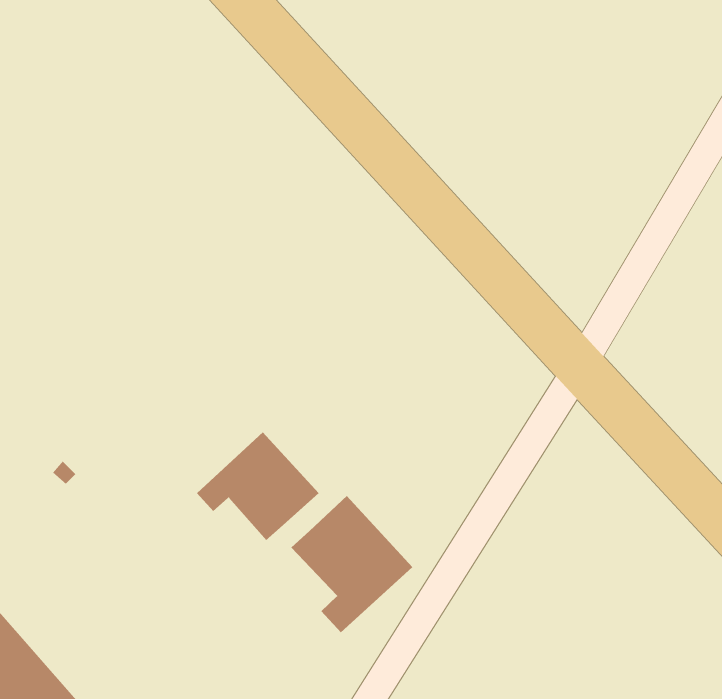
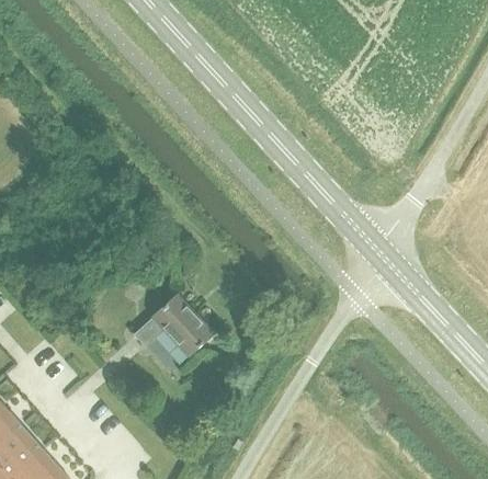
building: [291,495,413,633] -> none

